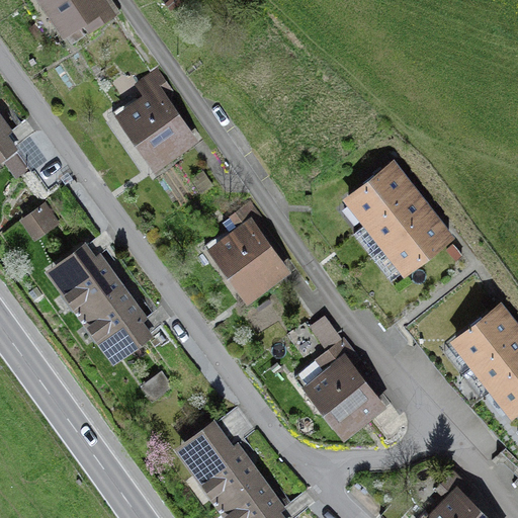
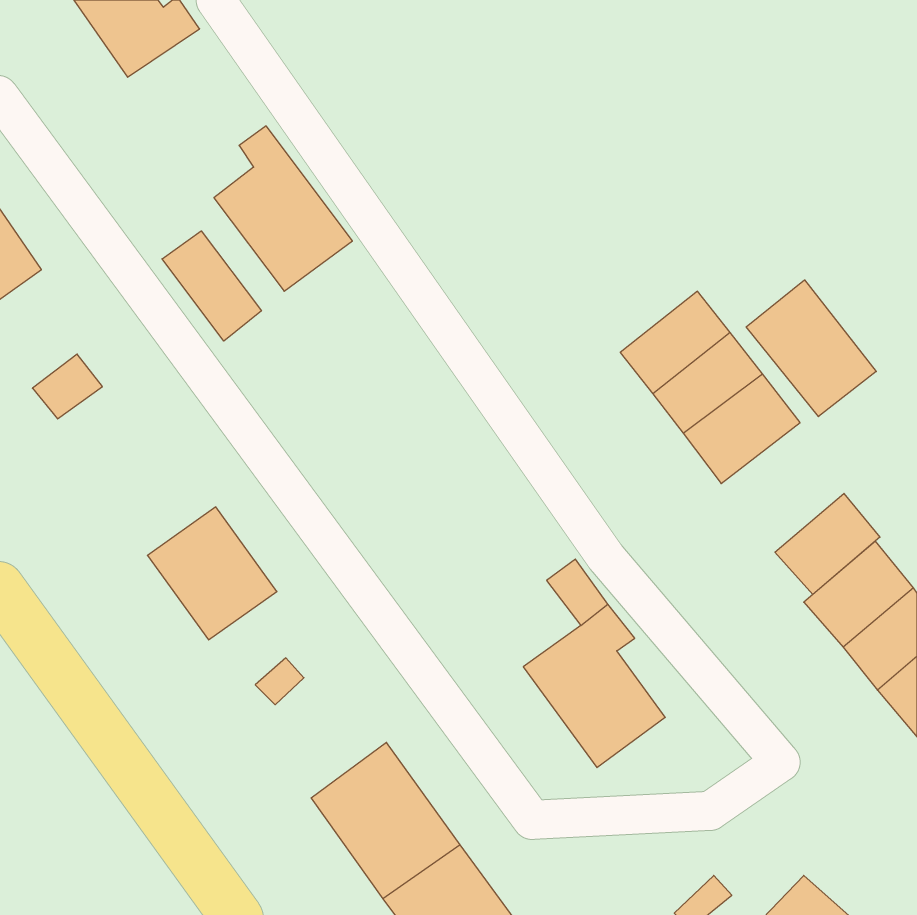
building: none -> [162,231,261,341]
building: none -> [746,280,876,417]
building: [207,215,287,298] -> none
building: [50,242,121,315] -> none
building: none -> [775,493,880,594]

